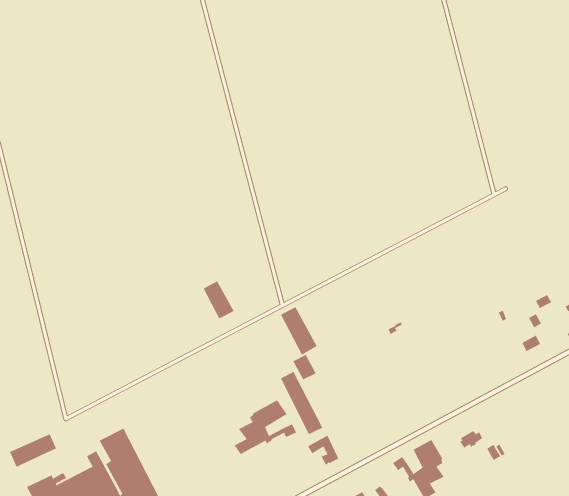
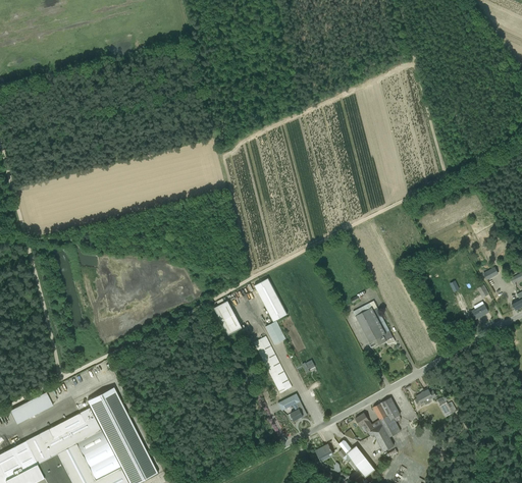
building: [203,281,235,319] -> [213,301,242,335]
building: none -> [353,305,392,348]
building: [234,399,297,455] -> none

